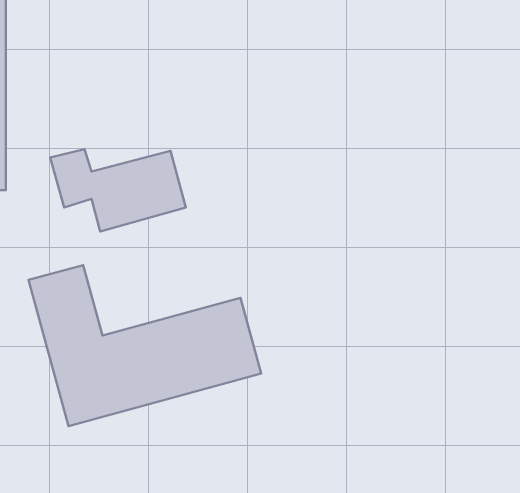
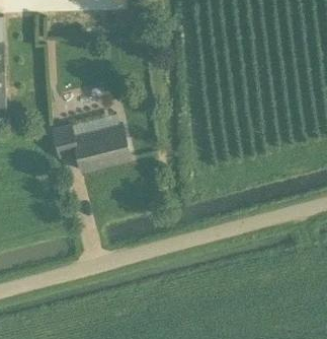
building: [29,265,261,426] -> none

